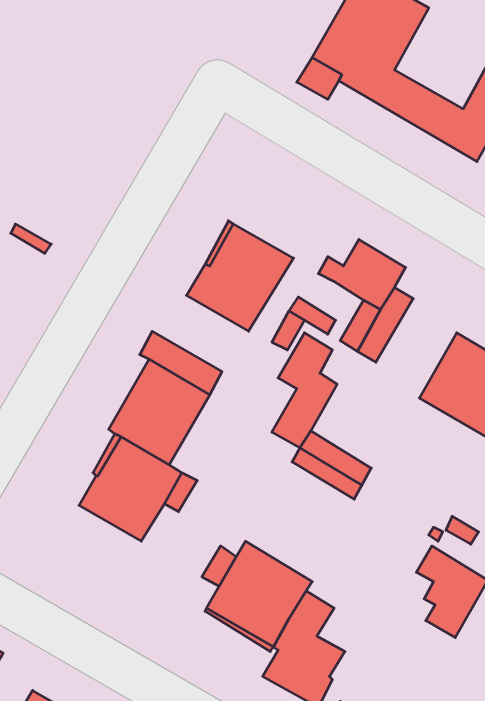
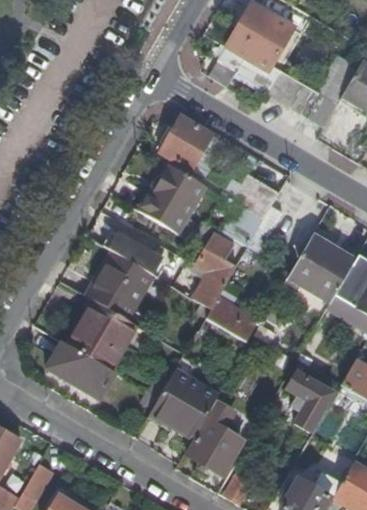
building: none -> [159,115,212,171]
building: none -> [47,342,115,399]

